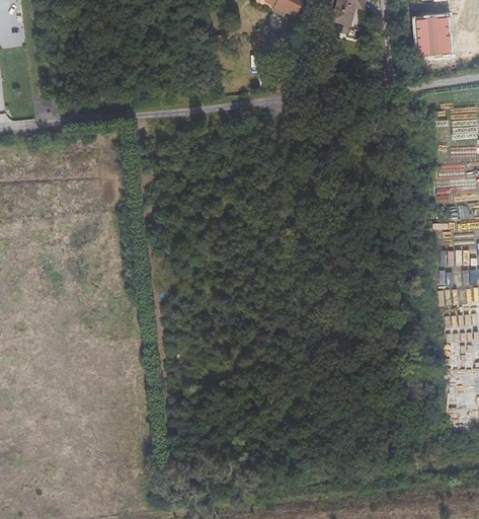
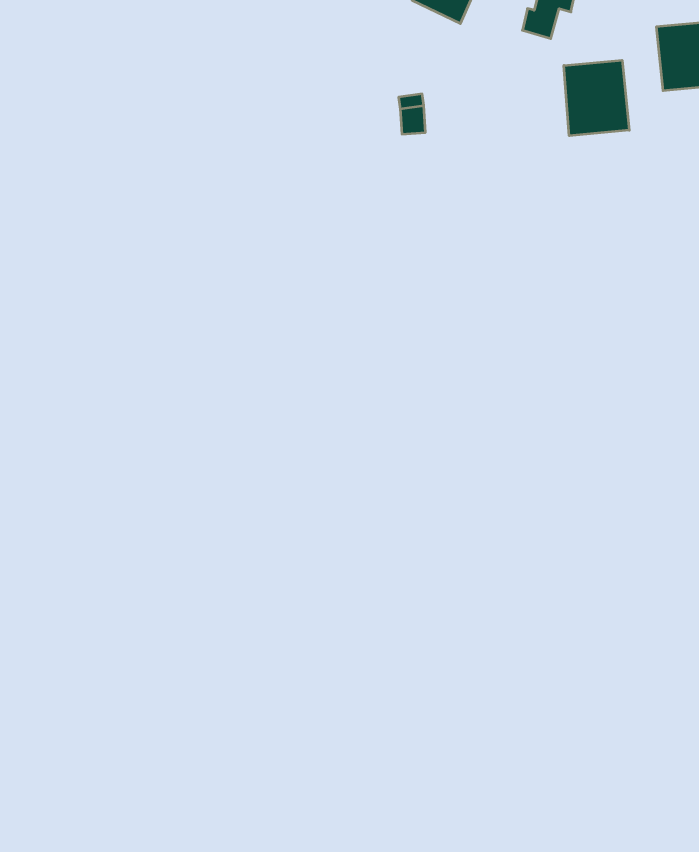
building: none -> [564,60,629,136]

